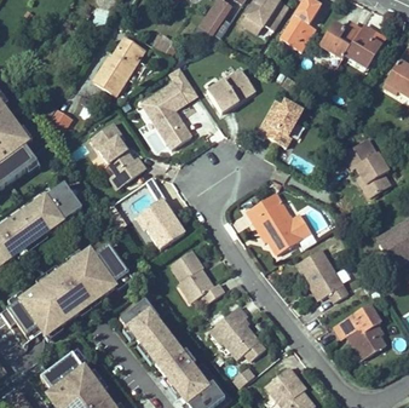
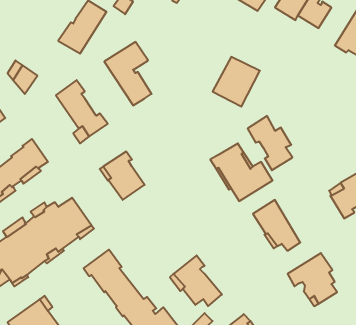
building: [204,68,257,116] -> none
building: [344,140,391,197] -> [248,116,292,170]
building: [171,251,224,304] -> none

